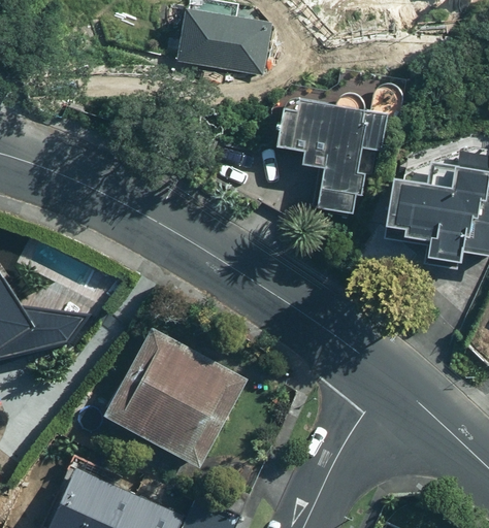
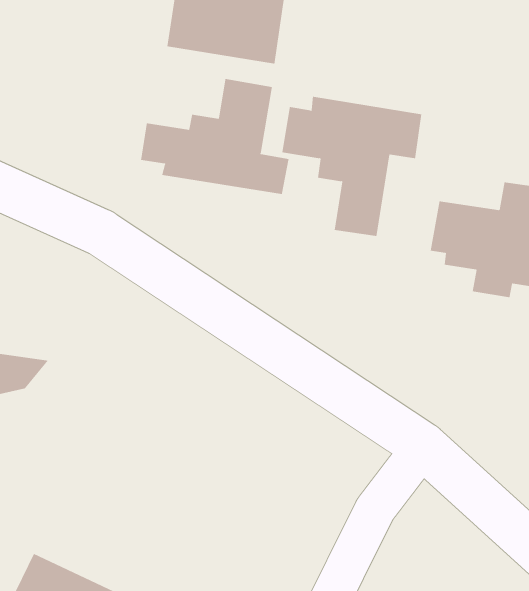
building: none -> [141,78,289,195]
building: [106,332,246,469] -> none

